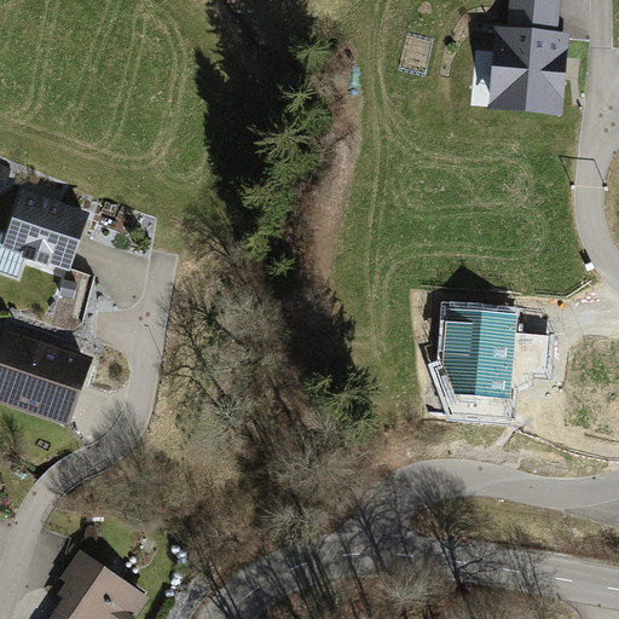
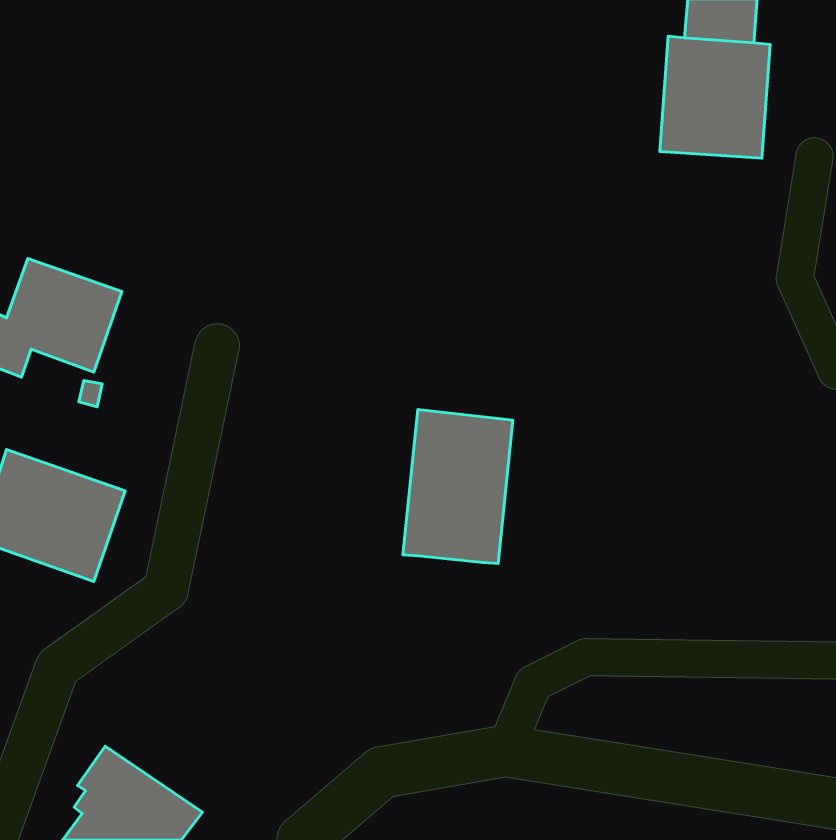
building: none -> [403,409,513,564]
building: [432,305,545,418] -> none

